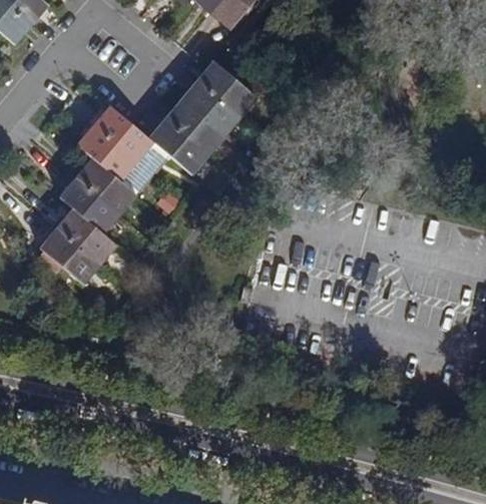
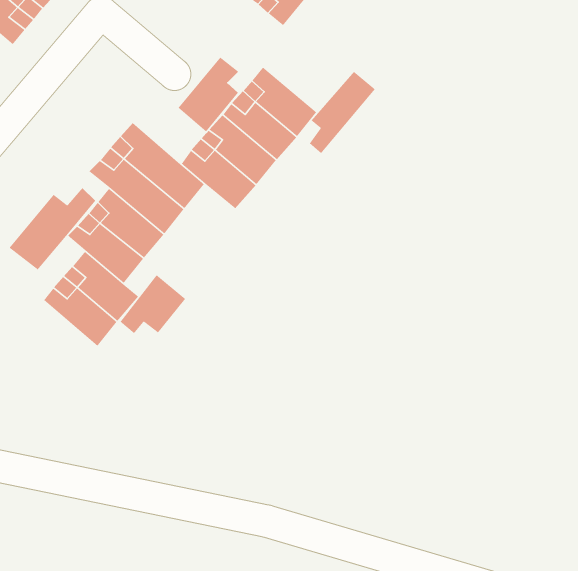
building: none -> [177,57,239,133]
building: none -> [309,71,376,154]
building: none -> [9,187,96,271]
building: none -> [119,274,186,334]

